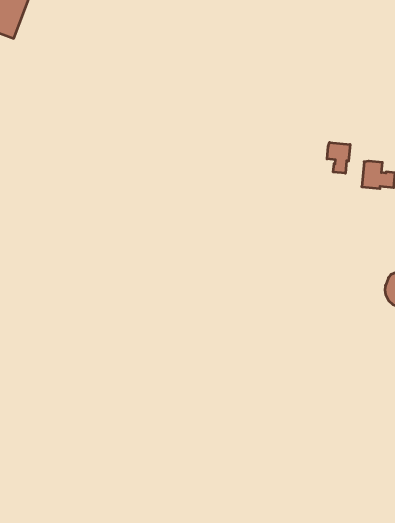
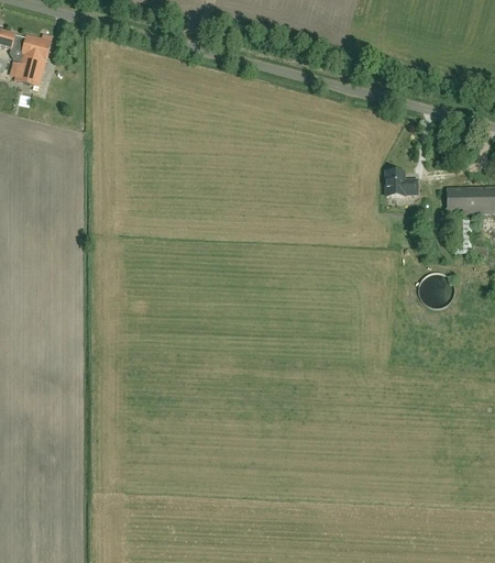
building: [327,142,350,173] -> none

